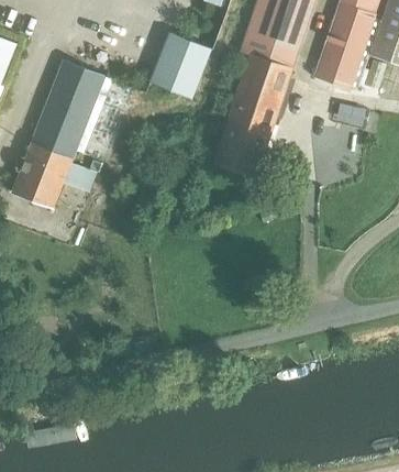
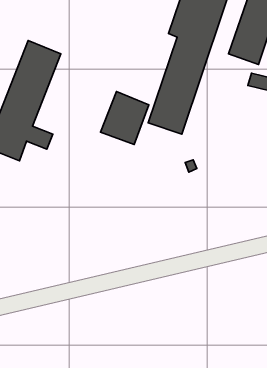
building: [151,32,211,98] -> [100,92,149,145]

